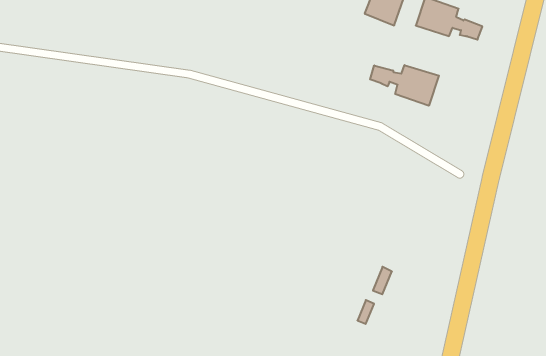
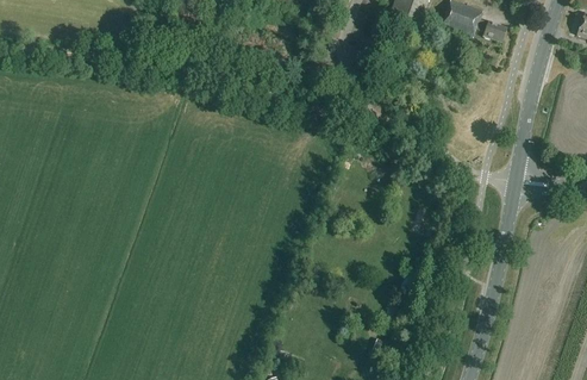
building: [370,65,439,106] -> none

